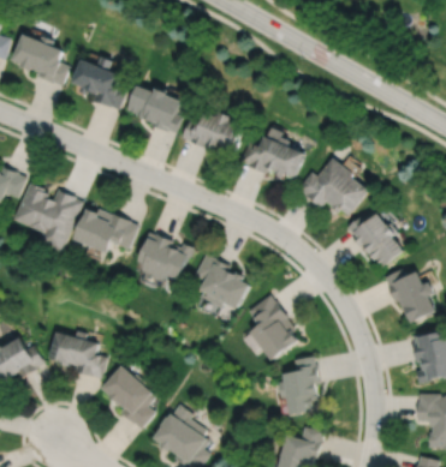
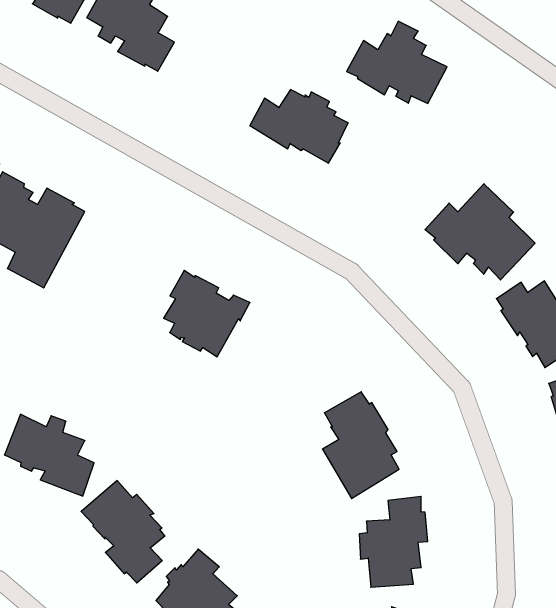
building: [127,84,182,132] -> none
building: [239,127,302,178] -> [347,21,447,103]
building: [76,209,139,253] -> none
building: [192,255,248,311] -> none

